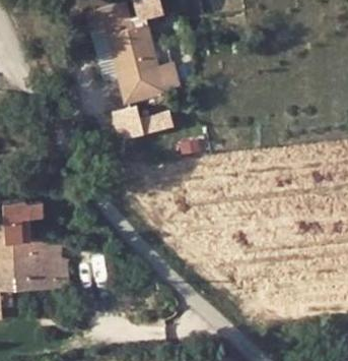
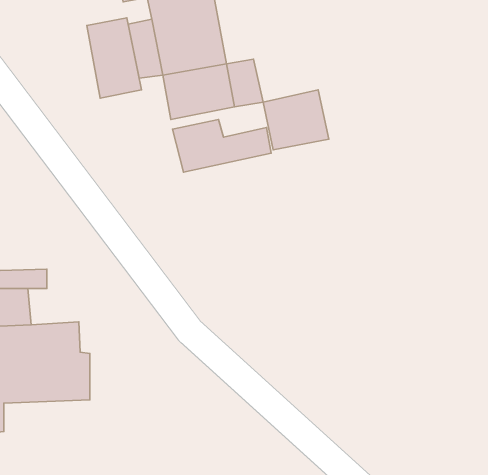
building: none -> [87,18,141,98]
building: none -> [263,90,329,150]

